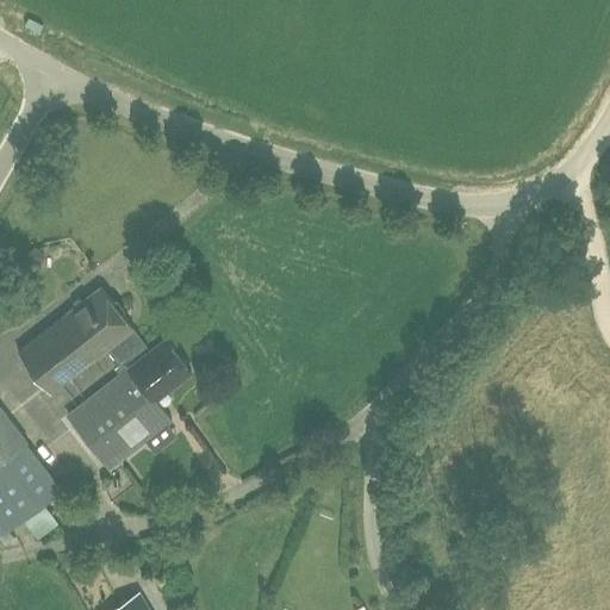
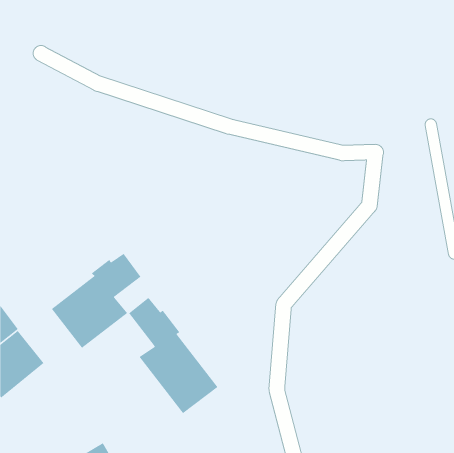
building: [17,288,147,396] -> none
building: none -> [128,297,218,414]

